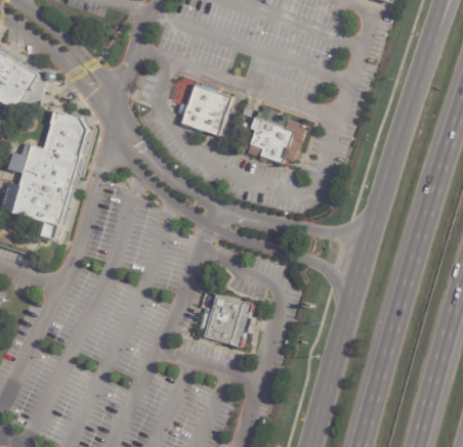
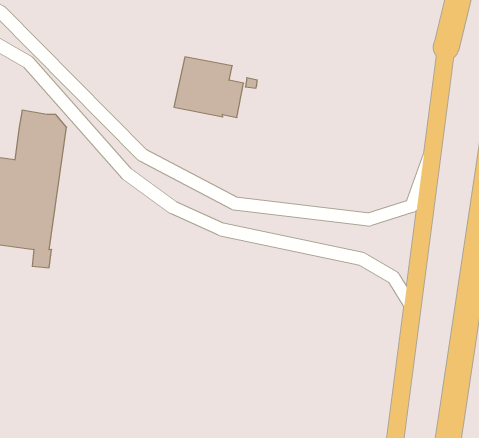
building: [241,105,304,165] -> none
building: [197,289,254,345] -> none

